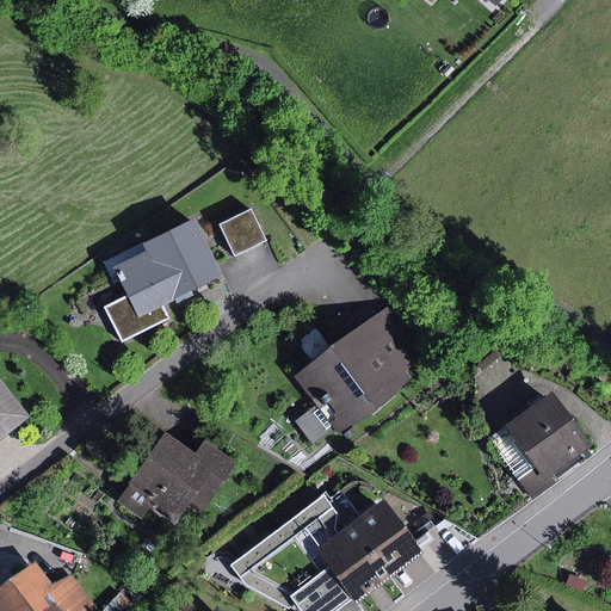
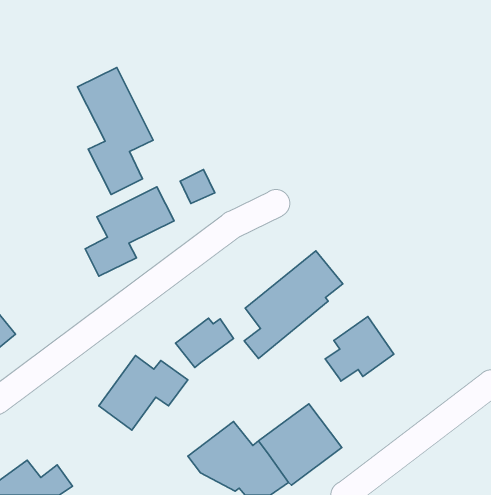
building: none -> [78,68,153,194]
building: [498,396,582,476] -> [325,316,394,381]
building: [288,488,359,549] -> [175,318,234,367]

